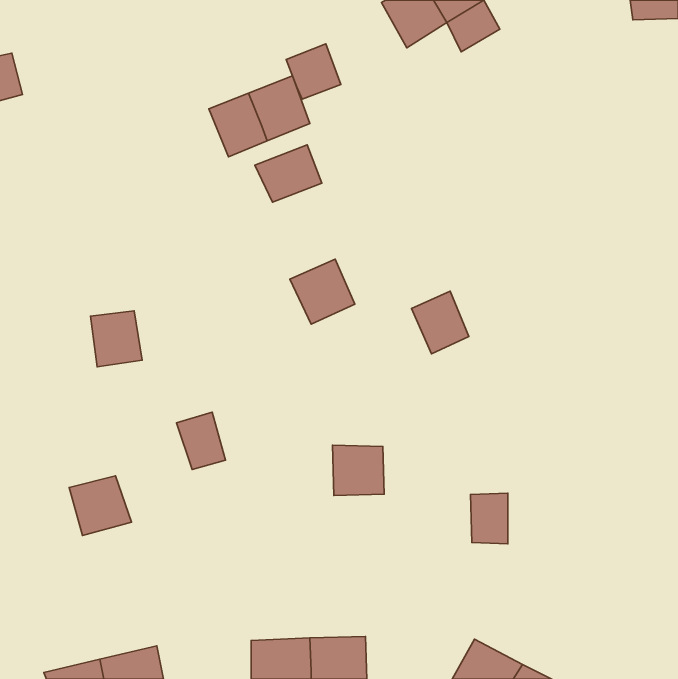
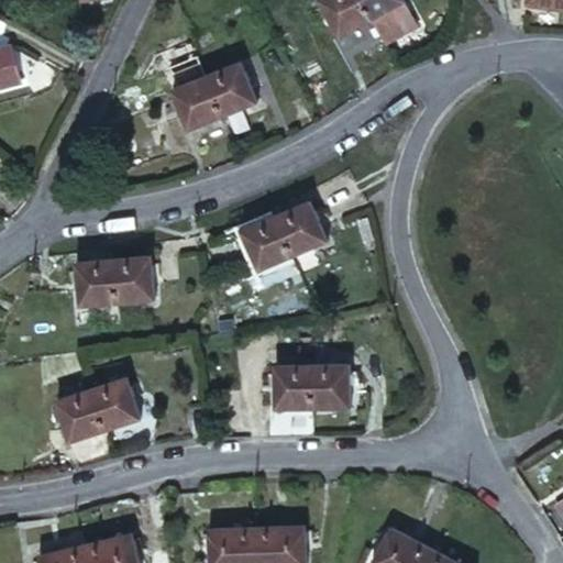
building: [286,44,341,99] -> none
building: [255,145,322,202] -> none
building: [412,291,469,354] -> [277,200,324,252]
building: none -> [111,252,152,298]
building: [176,412,226,469] -> [96,385,136,432]
building: [471,493,508,544] -> [317,368,347,410]

